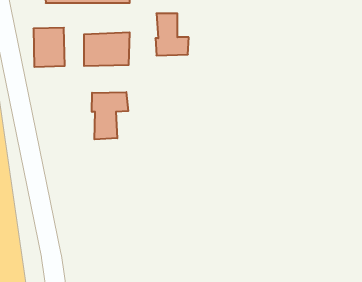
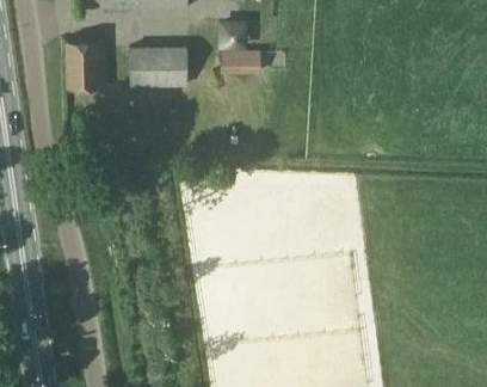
building: [92,92,128,139] -> none

